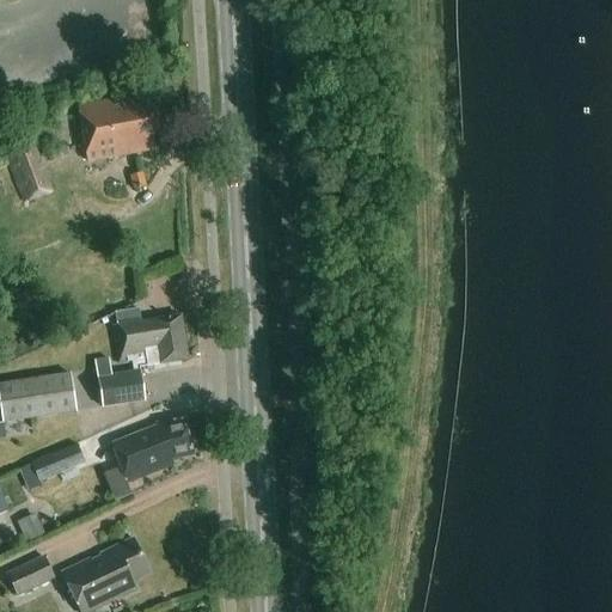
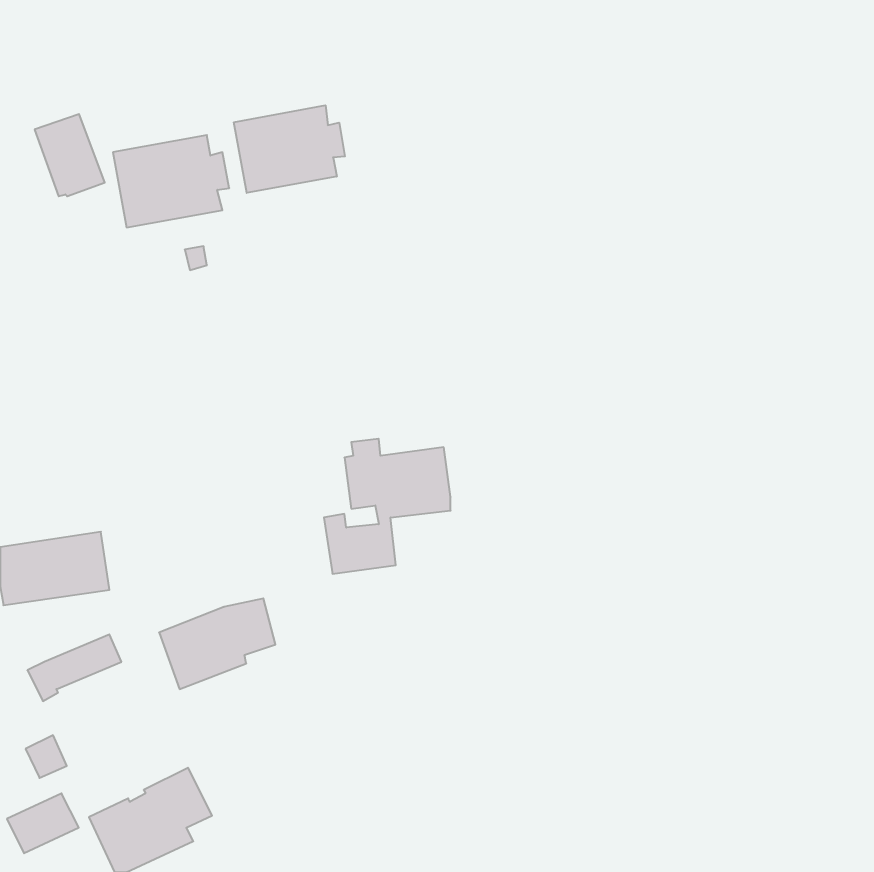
building: none -> [234,105,345,193]
building: [5,145,54,202] -> [35,114,105,196]
building: [96,312,184,406] -> [324,439,451,574]

